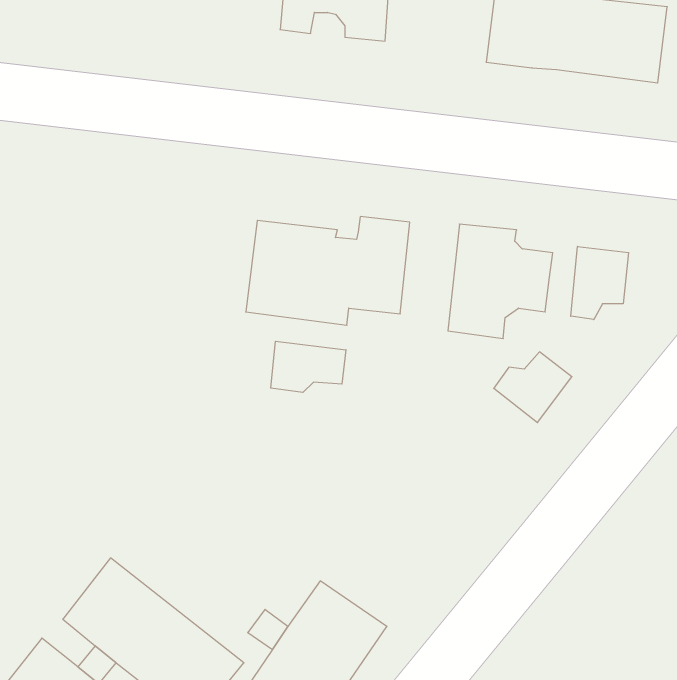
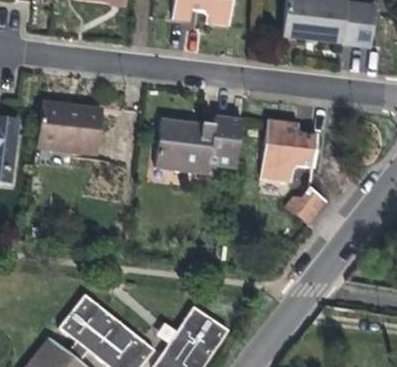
building: none -> [37,103,102,153]
building: [571,246,629,320] -> none
building: [271,341,346,392] -> none

